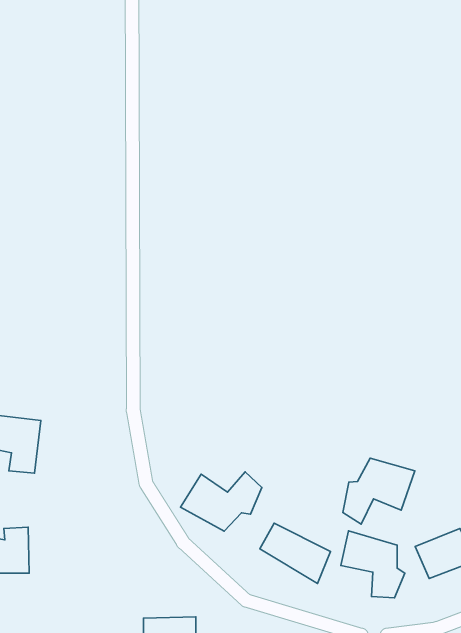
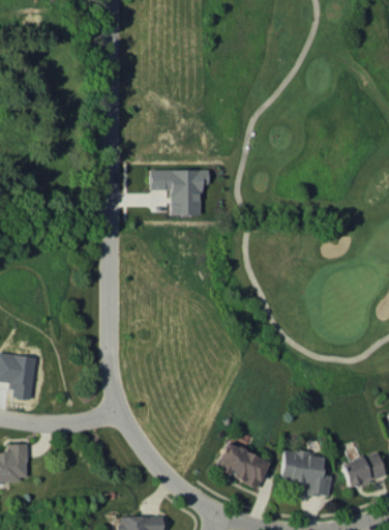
building: none -> [147,168,211,214]
building: [343,458,415,524] -> none
building: [180,472,262,531] -> none

